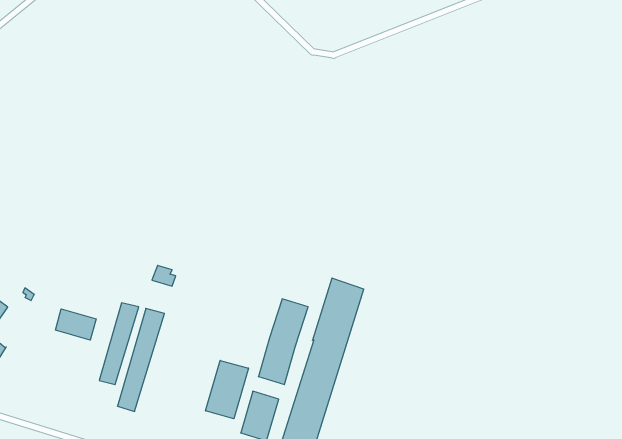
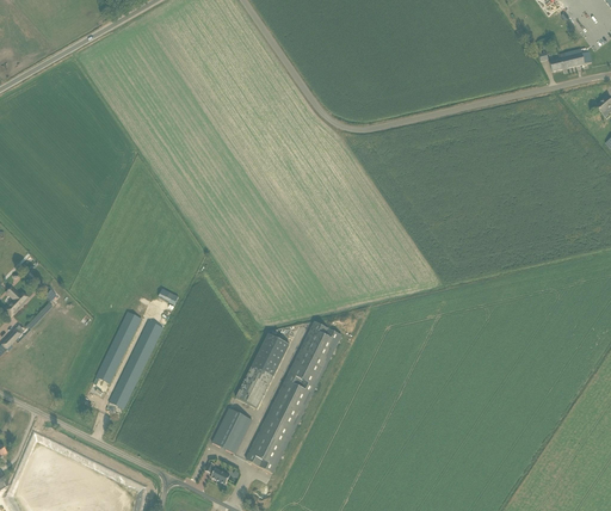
building: [55,309,96,340] -> none
building: [206,360,248,419] -> none

